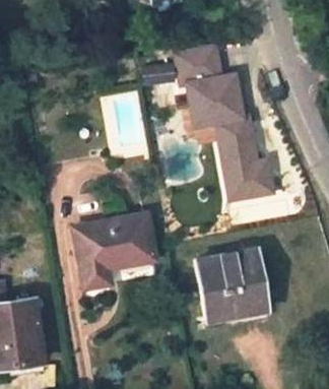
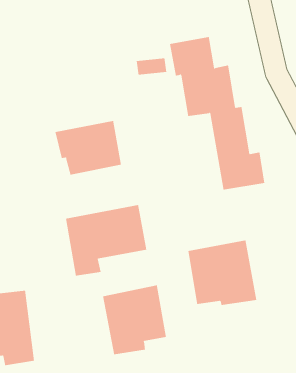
building: none -> [55,120,122,176]
building: none -> [103,285,166,355]

